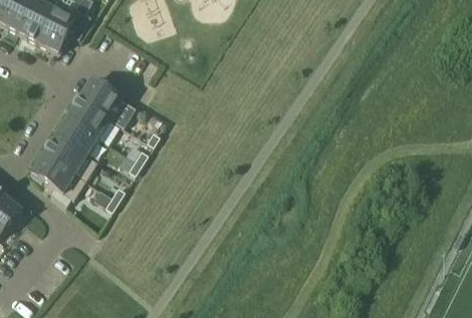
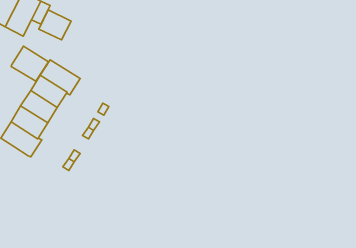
building: none -> [39,10,71,40]
building: none -> [11,46,48,81]

